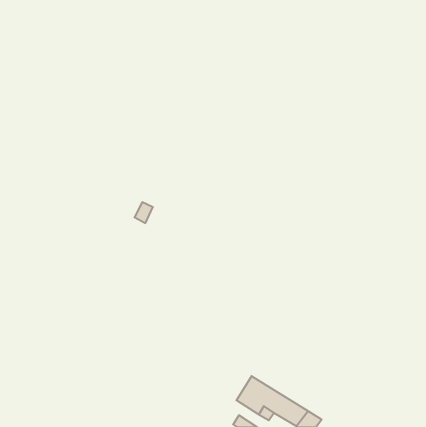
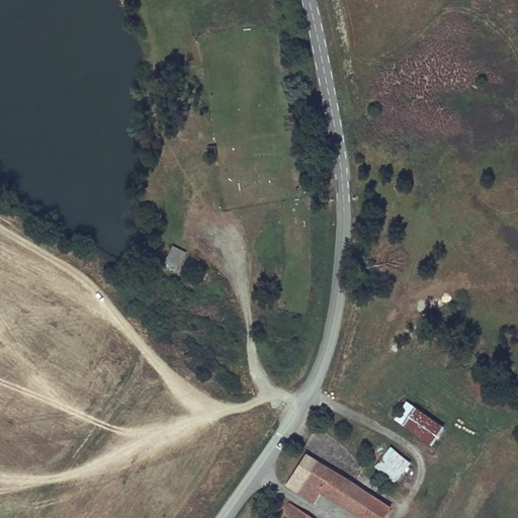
building: none -> [403,408,441,442]
building: none -> [374,446,411,482]

